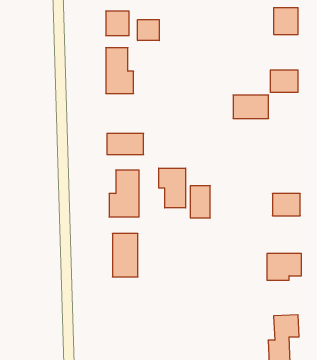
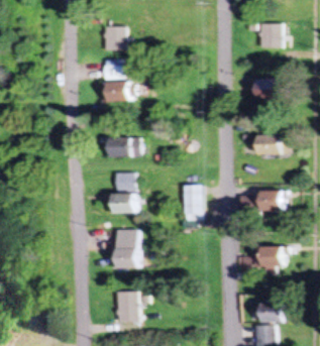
building: [138,20,159,41] -> none
building: [233,95,269,118] -> [255,135,288,156]
building: [159,168,186,208] -> none
building: none -> [116,292,137,322]

